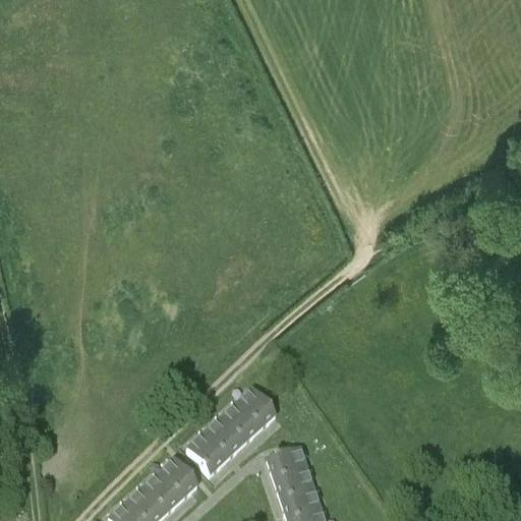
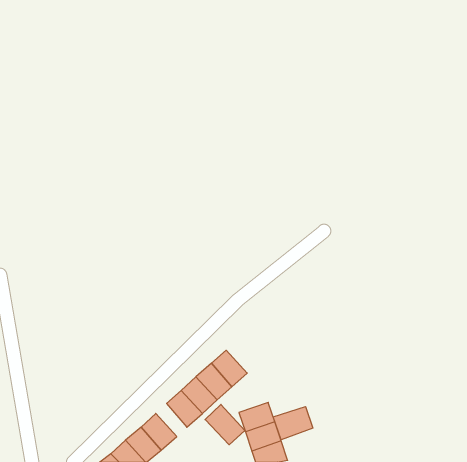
building: none -> [205,404,245,445]
building: none -> [273,407,313,440]

